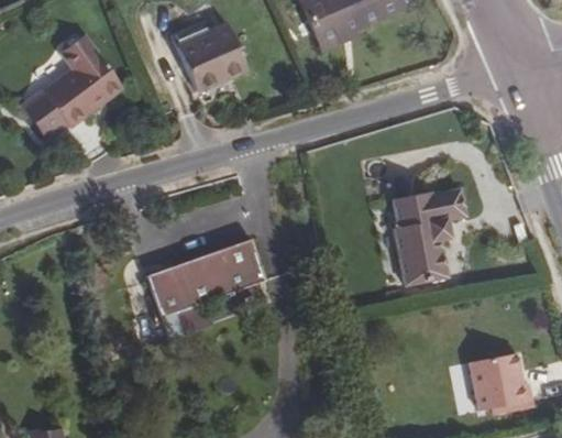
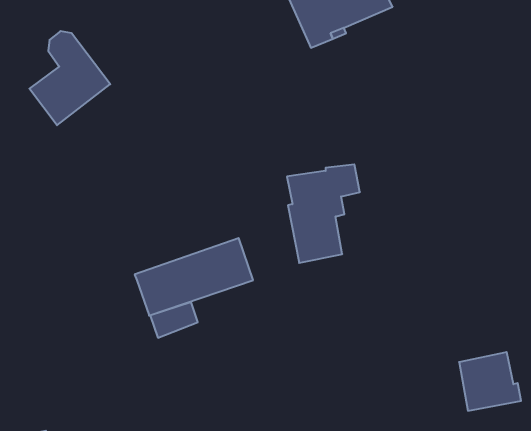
building: [176,23,247,91] -> none
building: [23,90,70,141] -> none
building: [394,190,466,288] -> [287,164,360,263]

